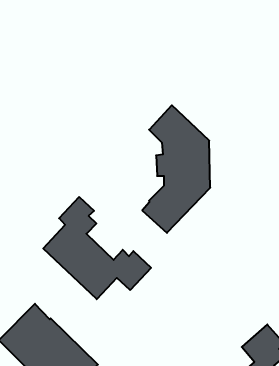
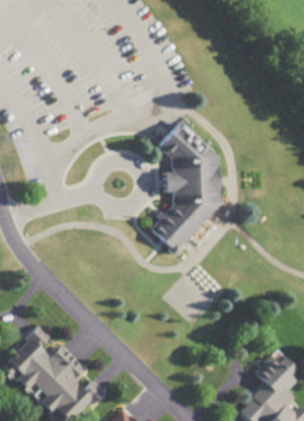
building: [43,197,151,299] -> none

